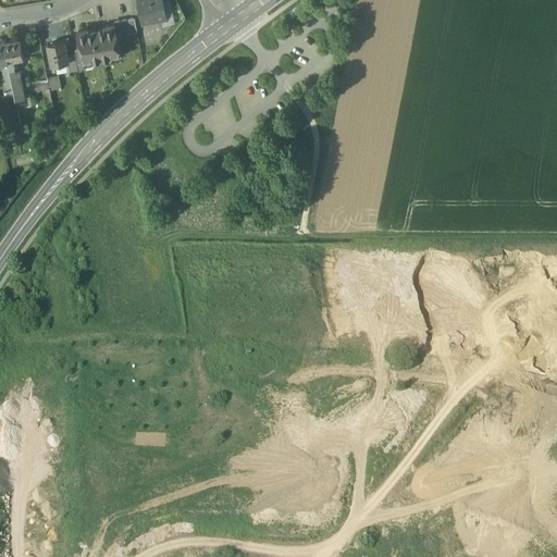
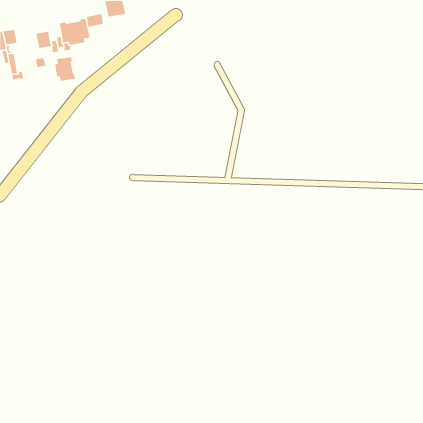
building: none -> [54,56,76,82]

